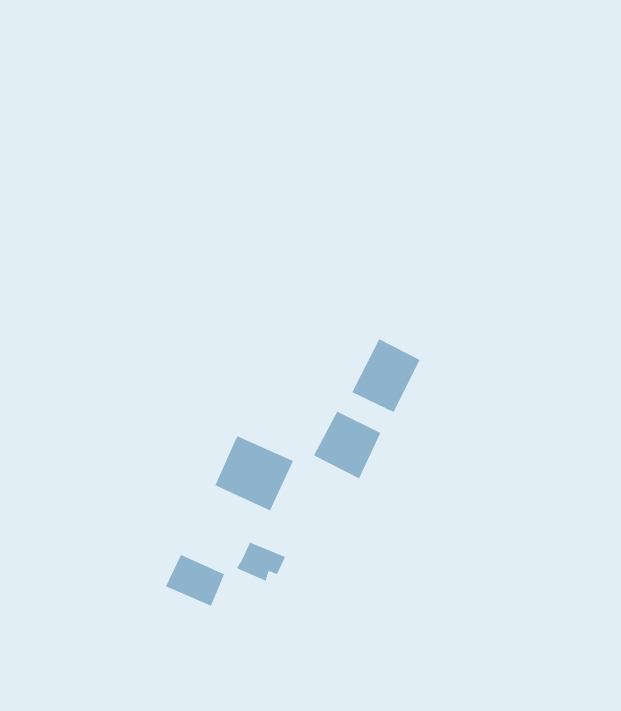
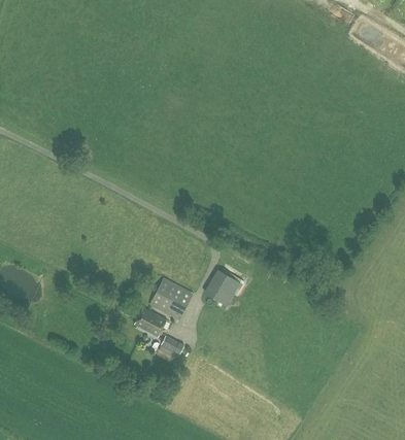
building: [352,338,421,413] -> none
building: [165,554,225,606] -> [134,307,166,336]

